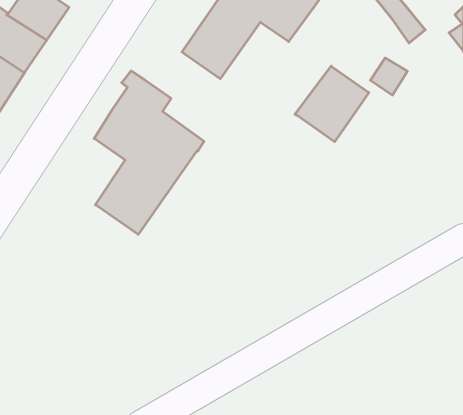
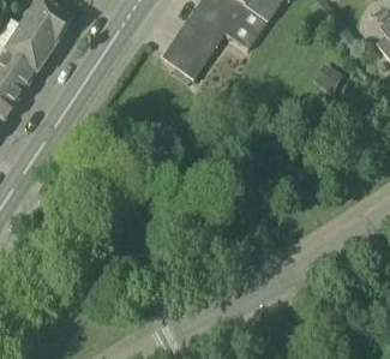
building: [295,66,369,142] -> none
building: [94,71,204,234] -> none

